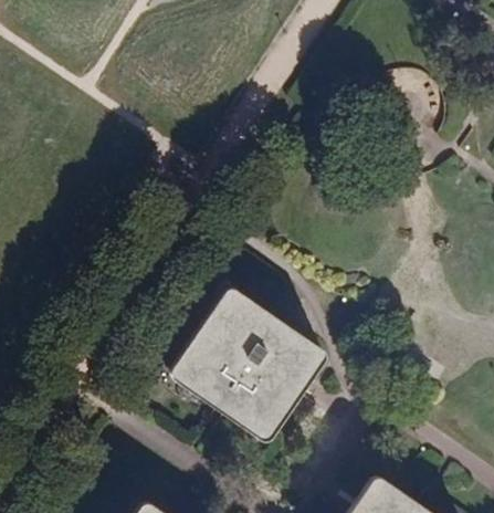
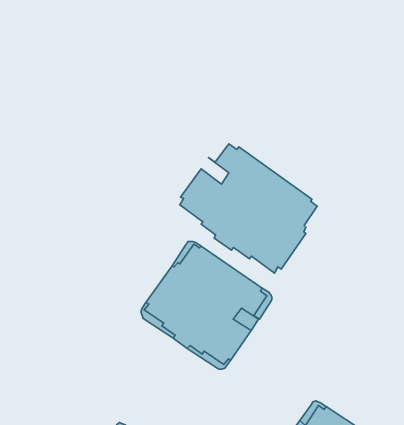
building: none -> [180,144,317,273]

